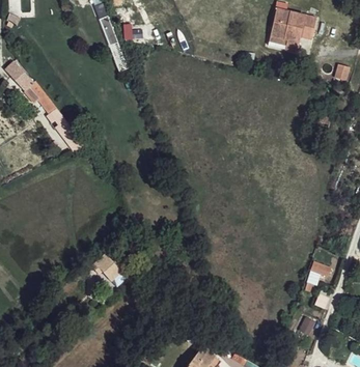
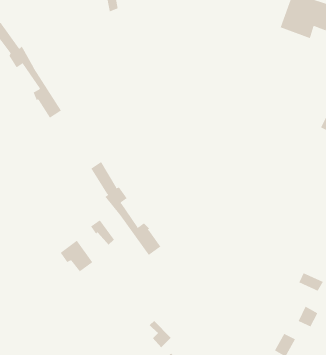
building: none -> [91,161,161,256]

